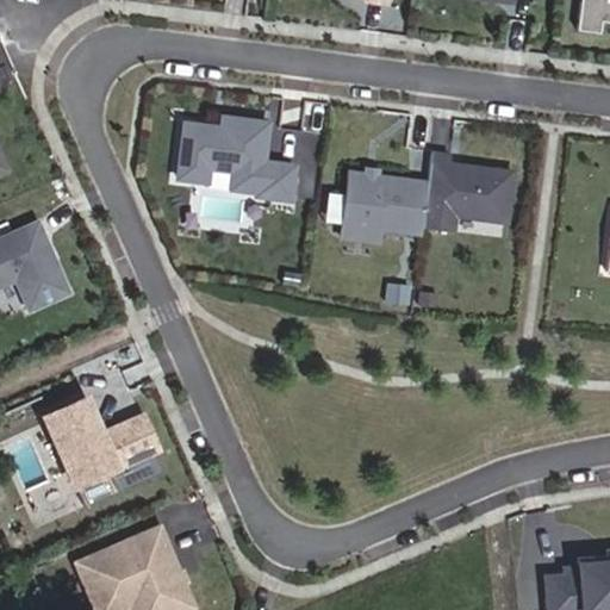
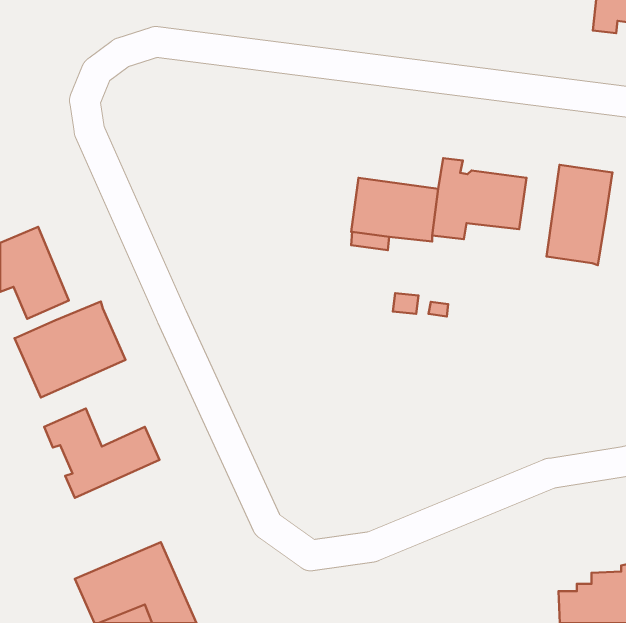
building: [181,119,298,200] -> none
building: none -> [546,165,612,265]
building: none -> [15,302,125,397]

